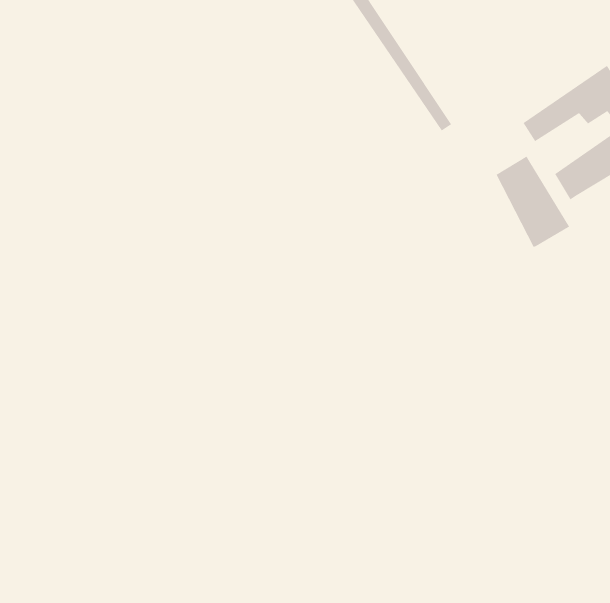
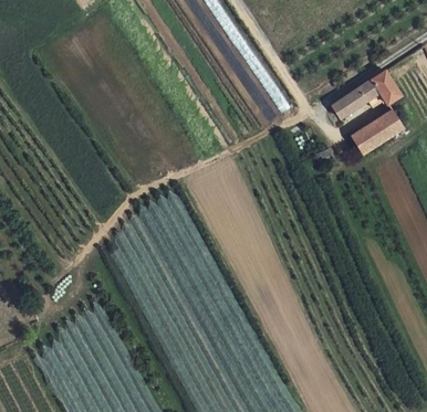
building: [496,155,570,248] -> none

